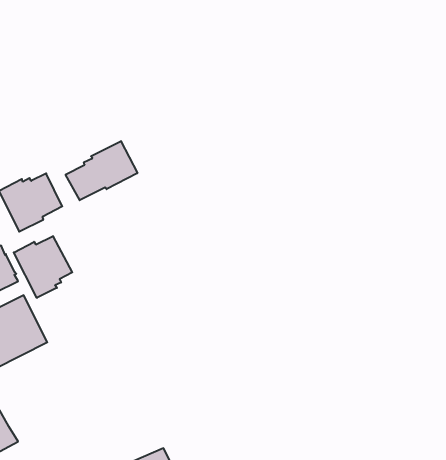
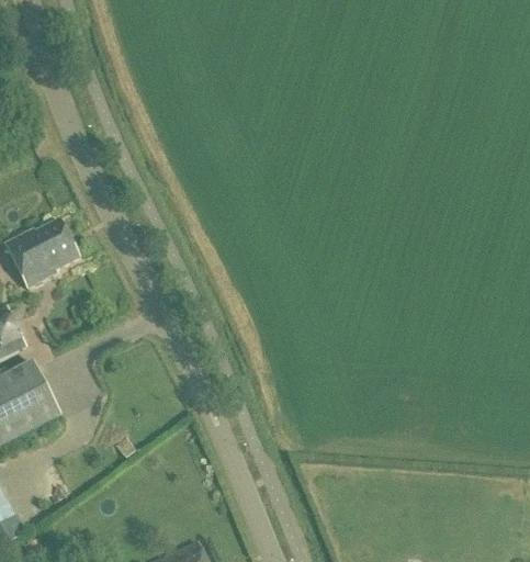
building: [66,141,137,200] -> none
building: [14,236,72,298] -> none

